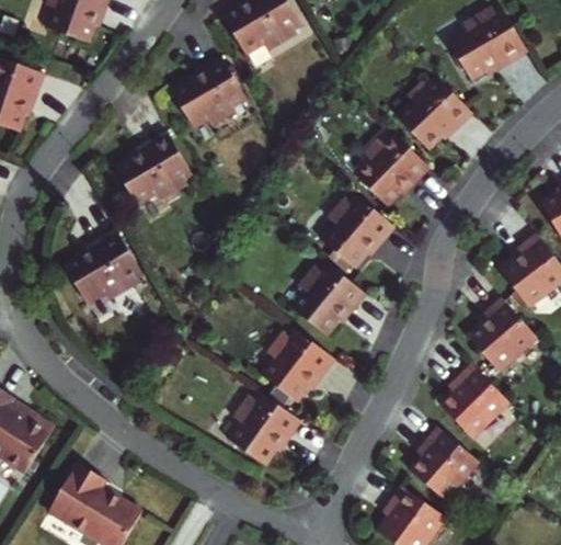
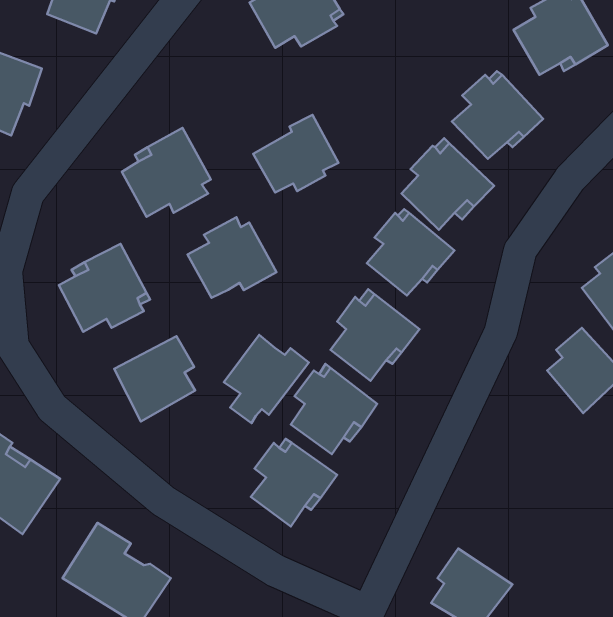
building: [171,57,243,123] -> [253,115,338,192]
building: none -> [188,217,277,298]
building: none -> [224,335,309,423]
building: none -> [114,336,195,422]
building: [445,367,514,440] -> none
building: [410,427,481,501] -> none

